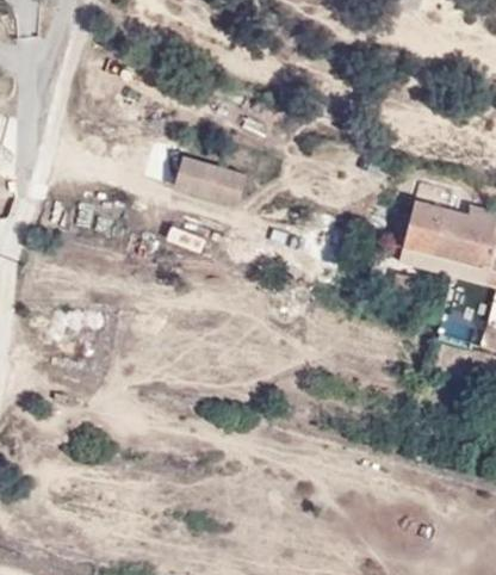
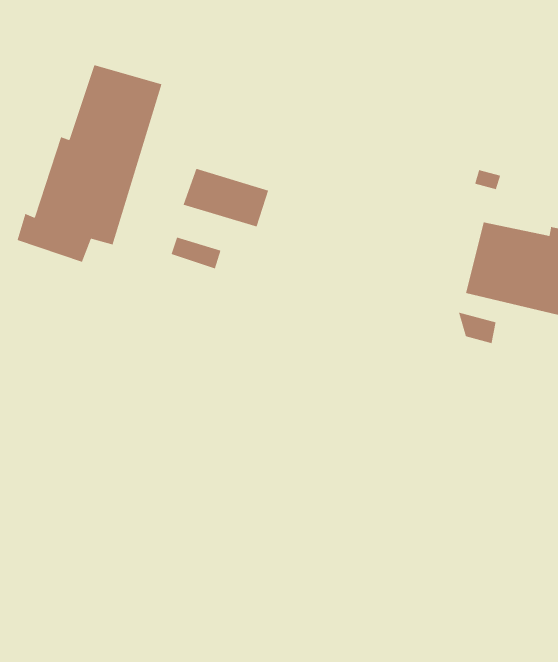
building: none -> [17,64,162,263]

